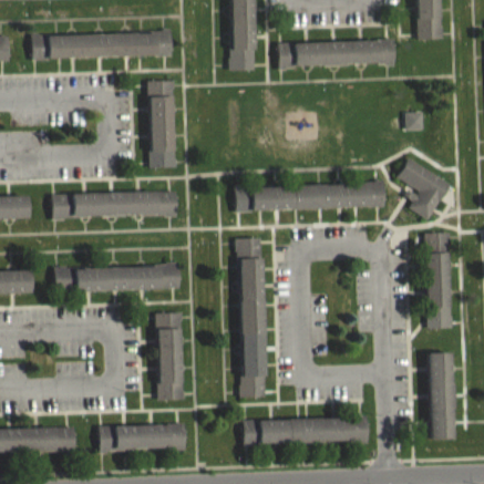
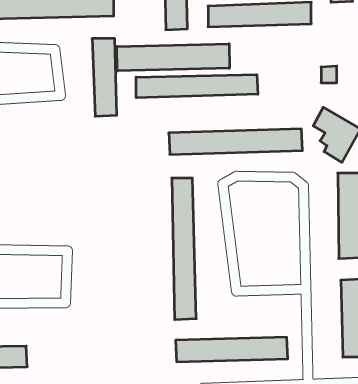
building: none -> [117,44,229,71]
building: none -> [136,75,258,98]
building: [52,192,178,218] -> none
building: [54,266,181,292] -> none
building: [157,313,184,400] -> none
building: [99,425,185,451] -> none

